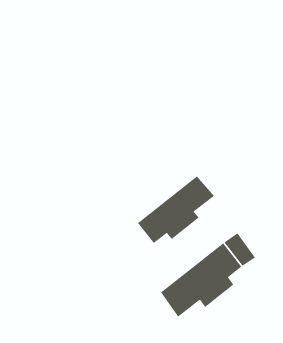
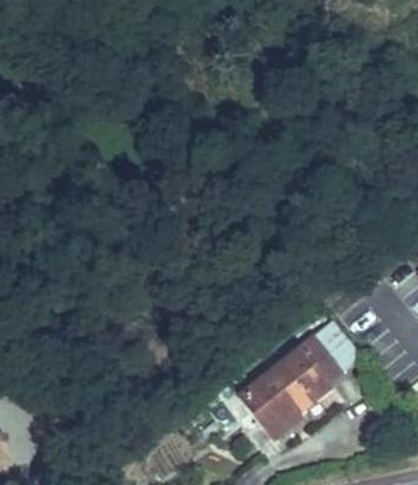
building: [137,176,215,244] -> none

